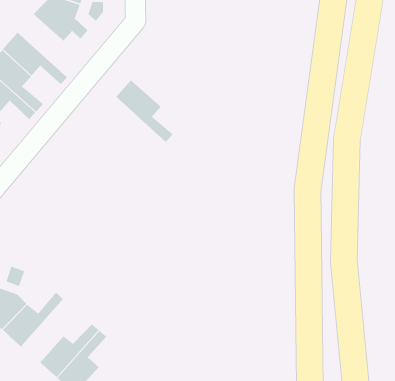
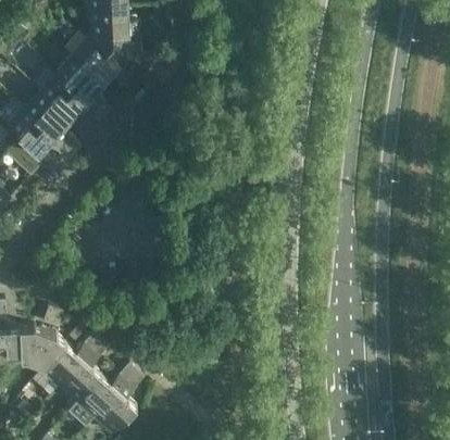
building: [116,80,174,143] -> [55,56,113,120]
building: none -> [59,340,109,403]

